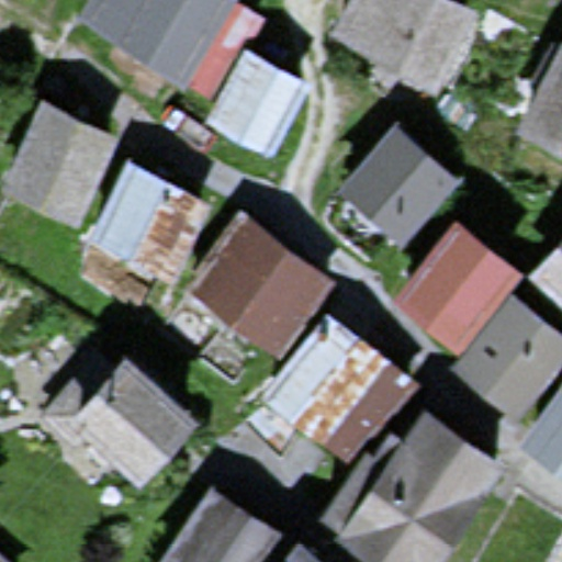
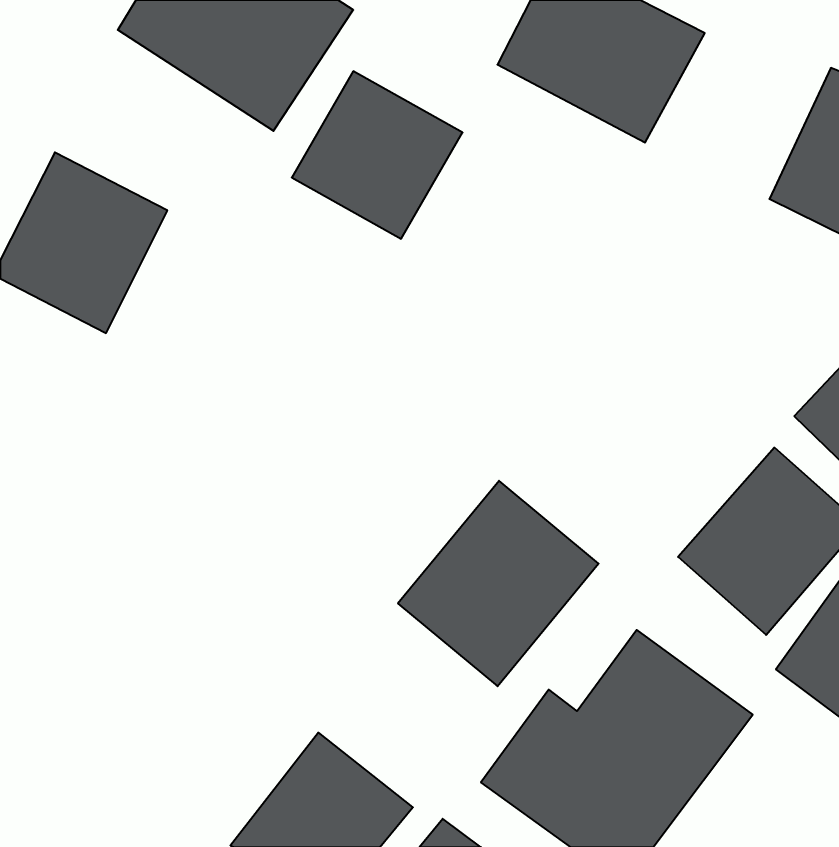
building: [337,130,459,251] -> none
building: [86,160,212,284] -> none
building: [192,218,337,362] -> none
building: [398,227,521,352] -> none
building: [64,357,201,492] -> none

